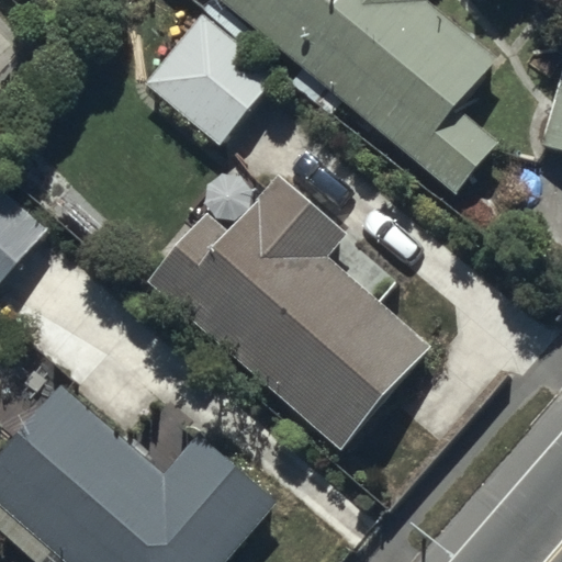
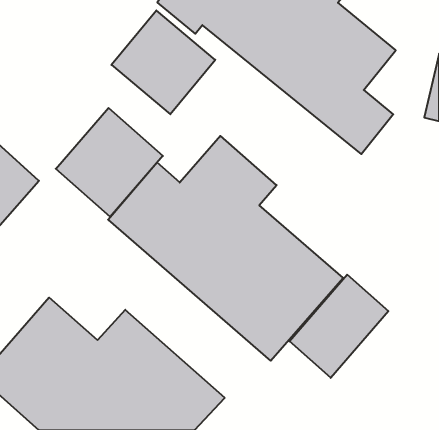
building: none -> [56,108,163,217]
building: none -> [289,275,388,378]

